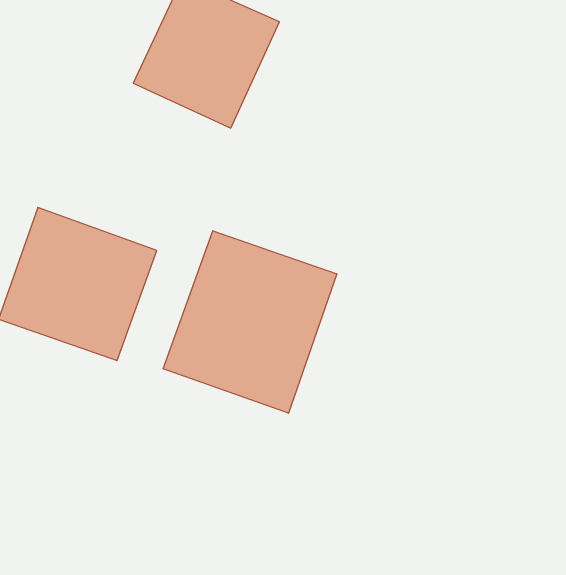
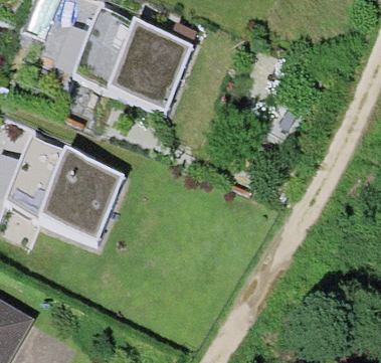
building: [163,231,337,413] -> none

